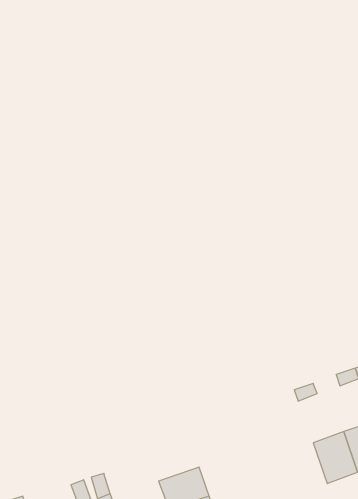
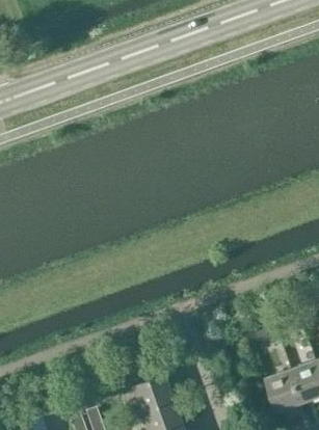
building: none -> [129,375,170,410]

